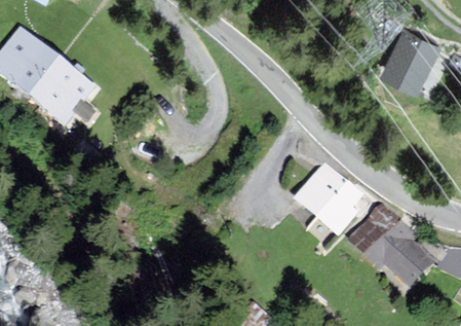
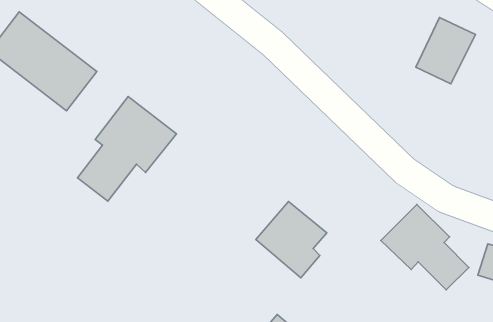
building: none -> [78,96,177,201]
building: [296,165,360,234] -> [256,201,327,278]

